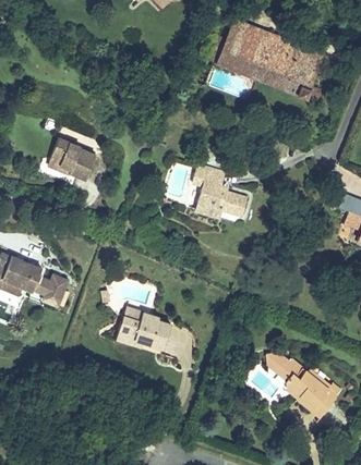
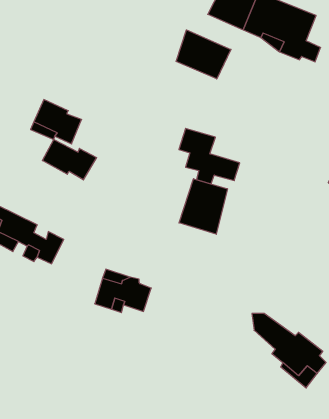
building: none -> [176,30,231,79]
building: none -> [42,140,97,180]
building: none -> [179,179,227,234]

